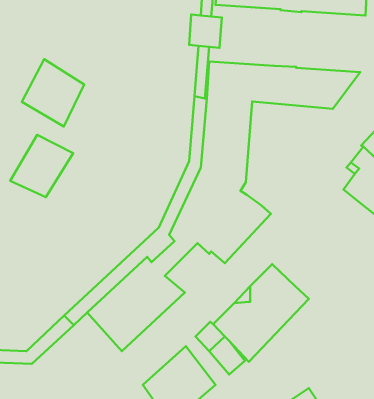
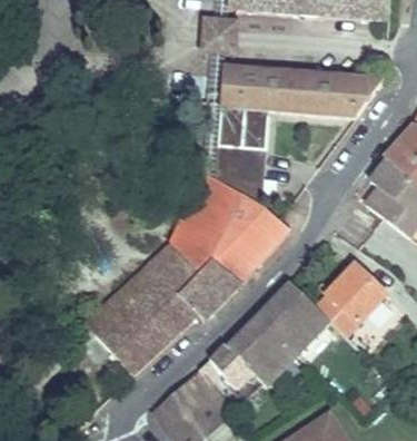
building: [22,59,84,126] -> none
building: [10,135,73,197] -> none
building: none -> [177,259,240,317]
building: none -> [315,266,386,334]

